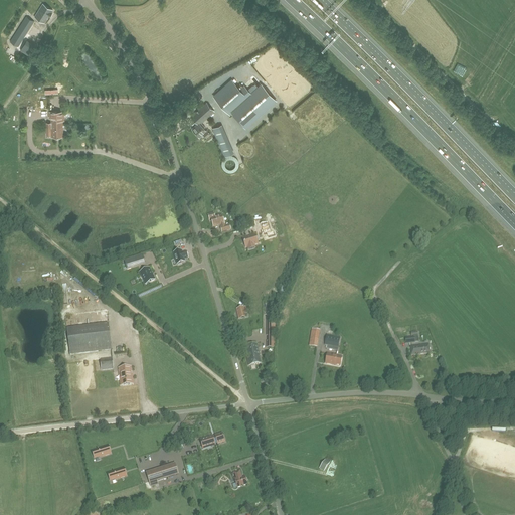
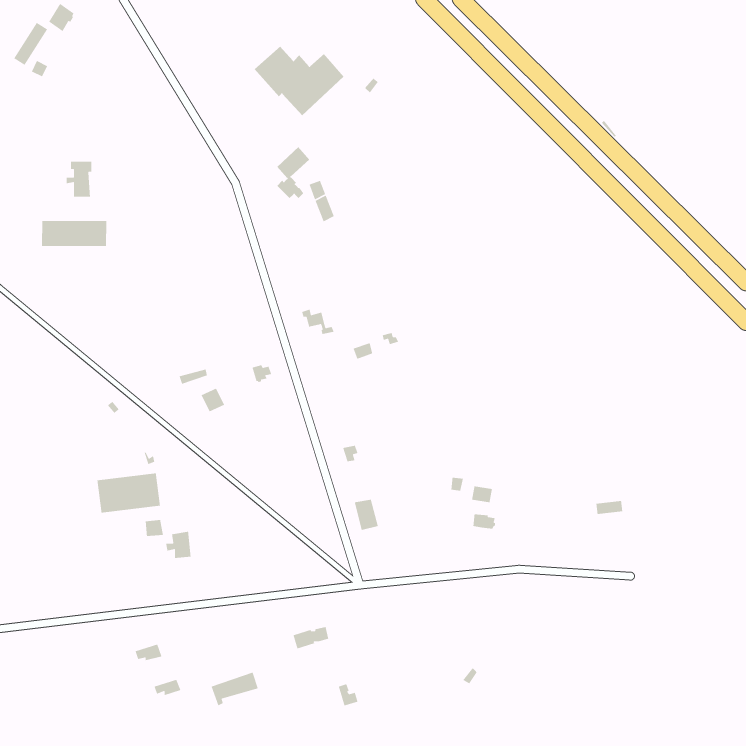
building: [212,78,275,127] -> [254,46,345,116]
building: none -> [41,220,107,247]

